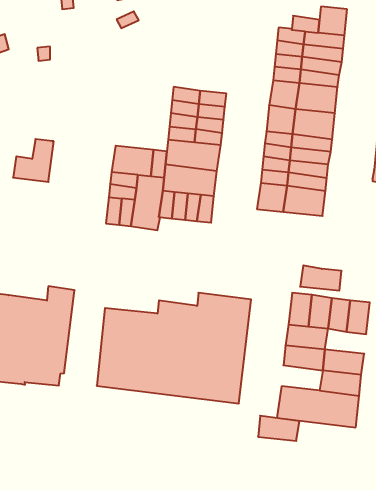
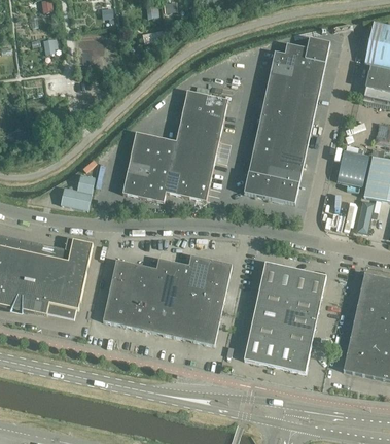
building: [13,139,54,182] -> [60,175,95,210]
building: [300,265,342,291] -> [286,294,320,316]
building: [258,416,300,441] -> [249,319,283,342]

